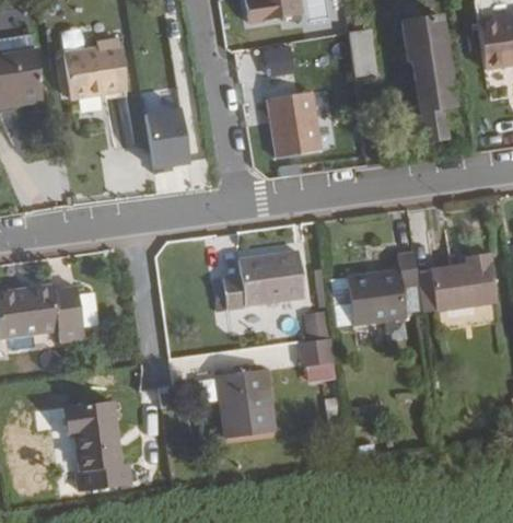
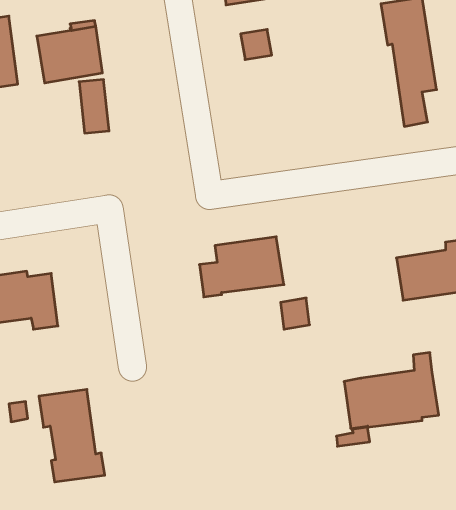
building: [349,28,377,80] -> none
building: [268,91,322,156] -> none
building: [149,111,194,172] -> none
building: [330,251,423,325] -> [344,353,439,428]
building: [299,337,336,382] -> none
building: [218,367,276,437] -> none

